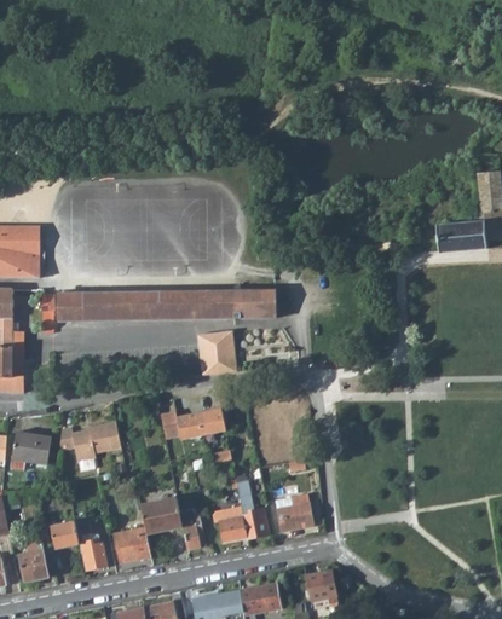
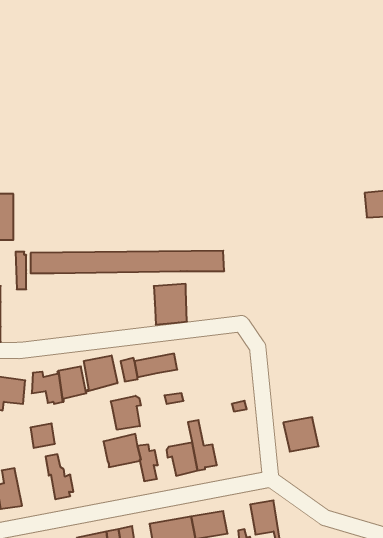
building: none -> [84,355,117,392]
building: none -> [111,396,141,430]
building: [273,493,313,532] -> [283,417,319,452]
building: [51,521,79,549] -> [30,423,55,448]
building: [115,527,152,563] -> none

